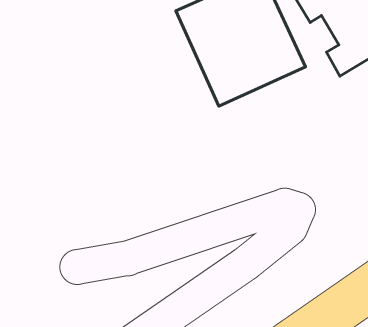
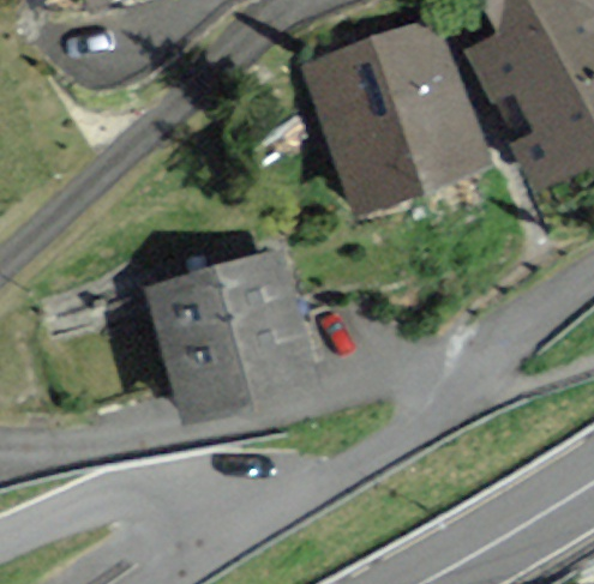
building: none -> [155,258,314,416]

